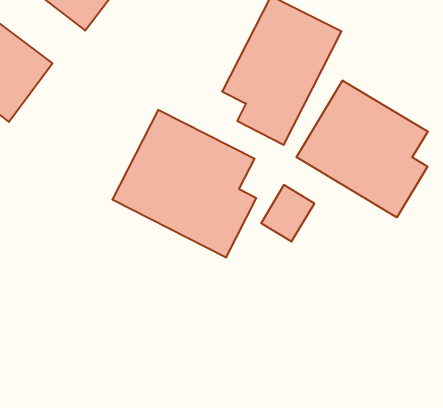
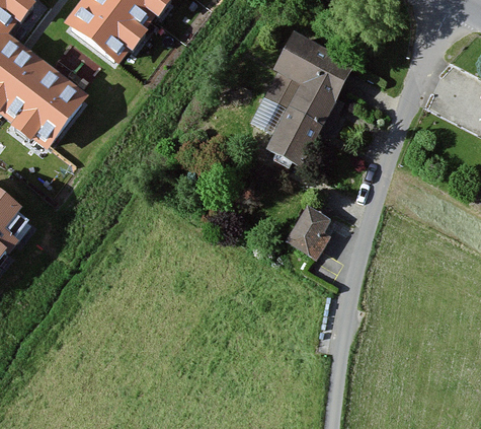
building: [296,80,428,217] -> none
building: [112,110,256,258] -> none

